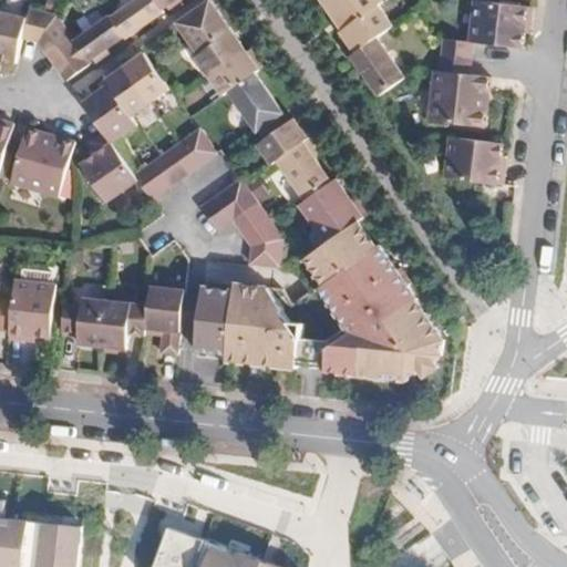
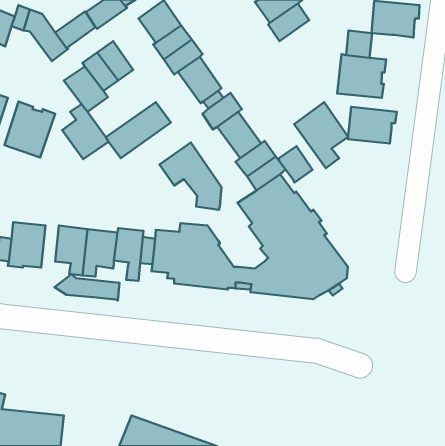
building: [349,37,404,95] -> none
building: none -> [294,102,348,168]
building: none -> [278,146,313,182]
building: none -> [54,274,119,301]

